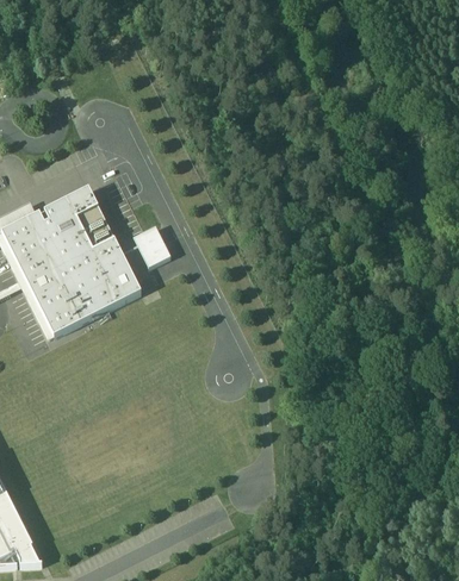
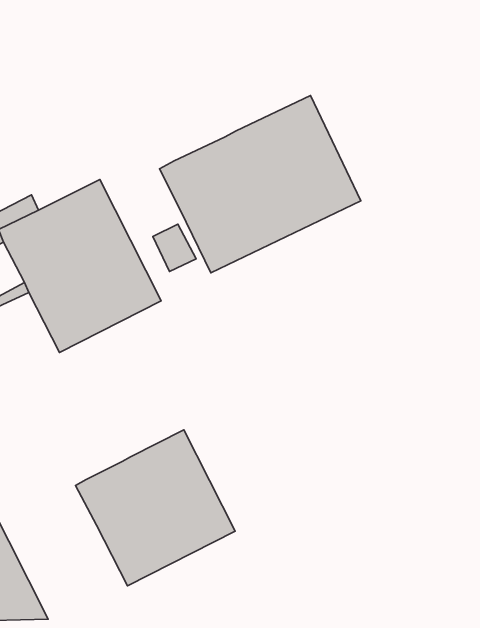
building: none -> [159,95,361,273]
building: none -> [76,430,235,586]

